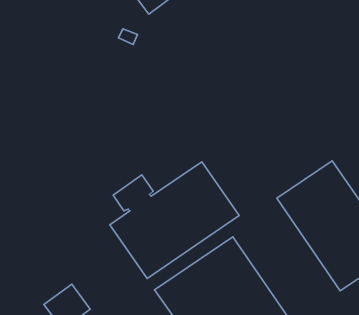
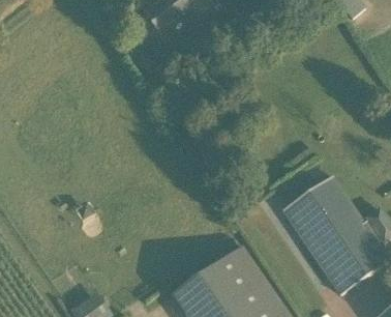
building: [110,162,239,278] -> none

